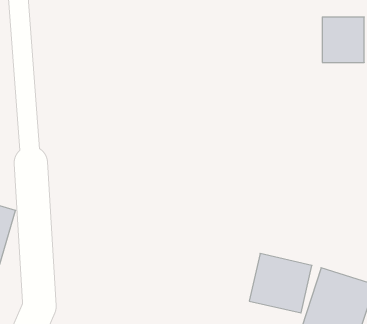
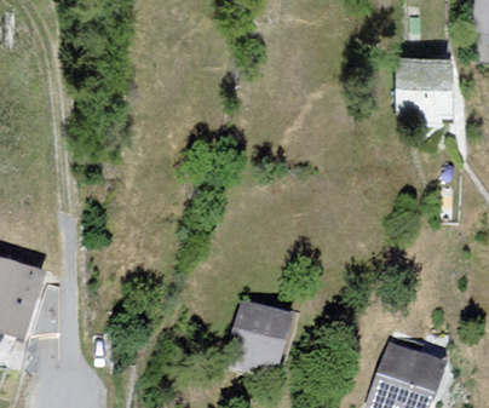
building: [249,253,312,313] -> [223,300,293,367]

